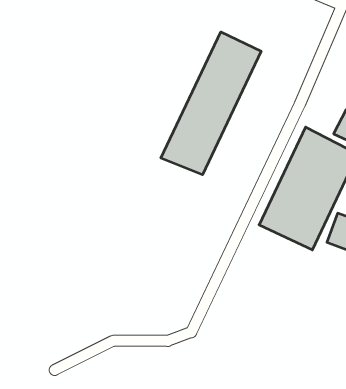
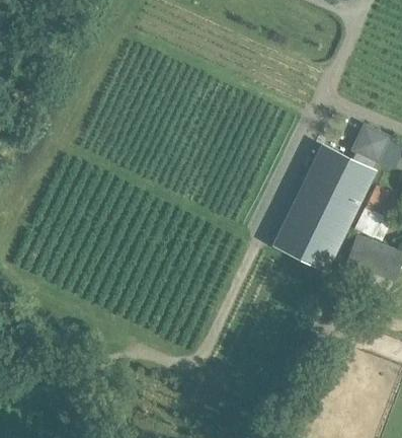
building: [161,32,261,175] -> none

